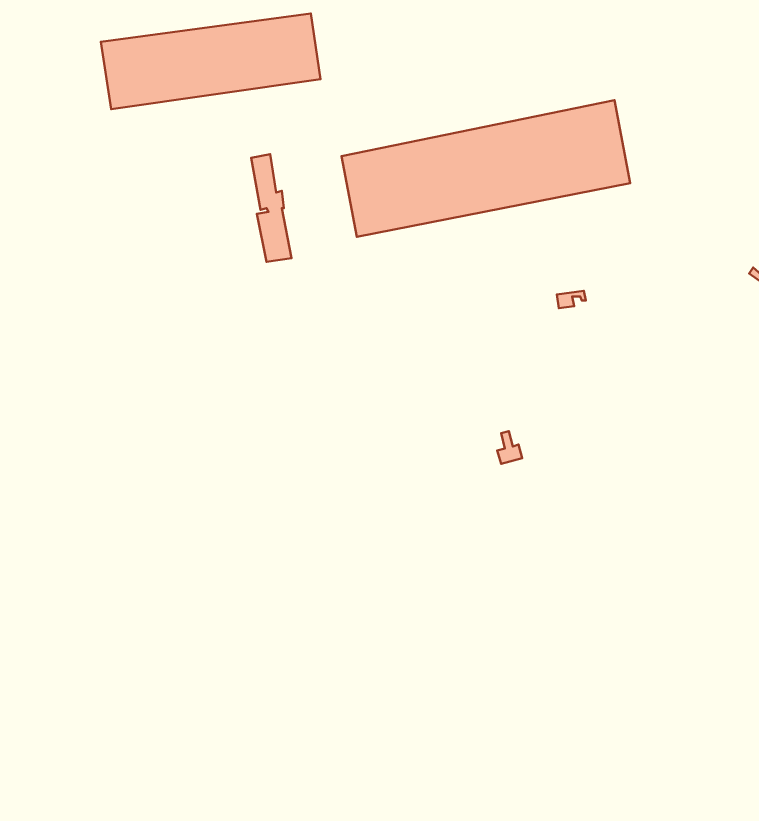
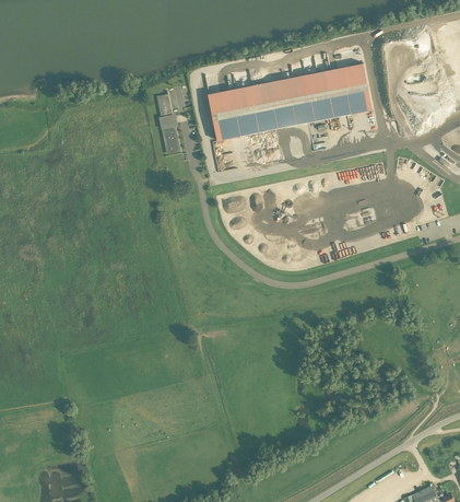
building: [101,14,321,109] -> none

